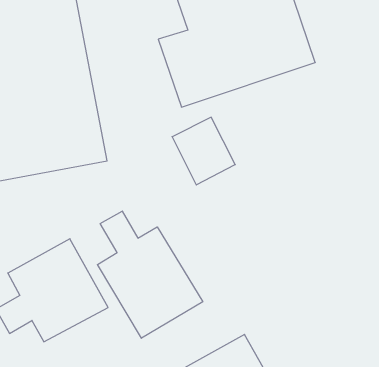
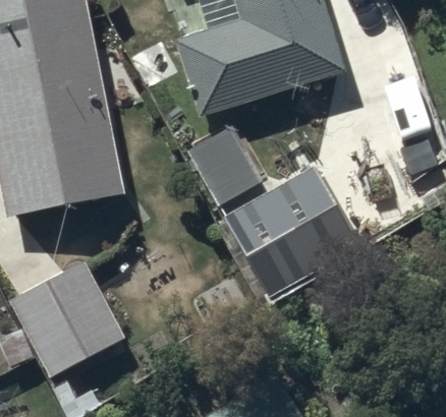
building: none -> [224,177,343,298]
building: [97,211,203,338] -> none

